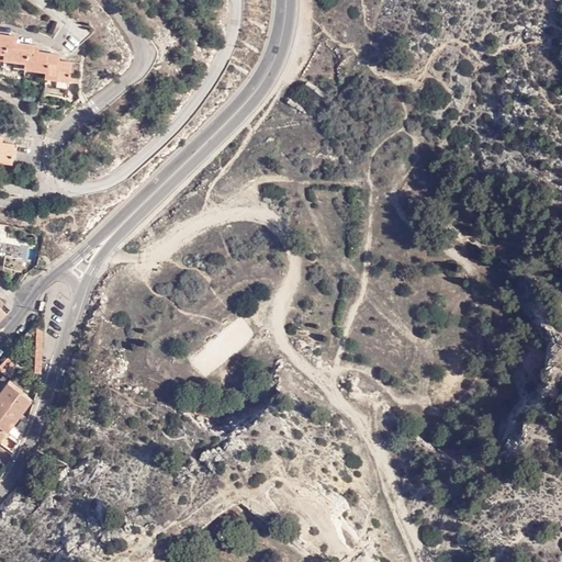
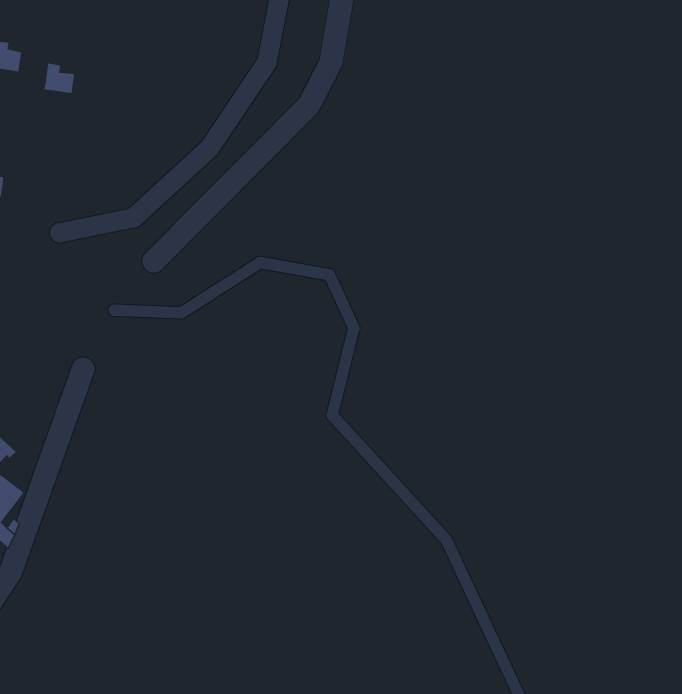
building: [14,42,38,67] -> none

